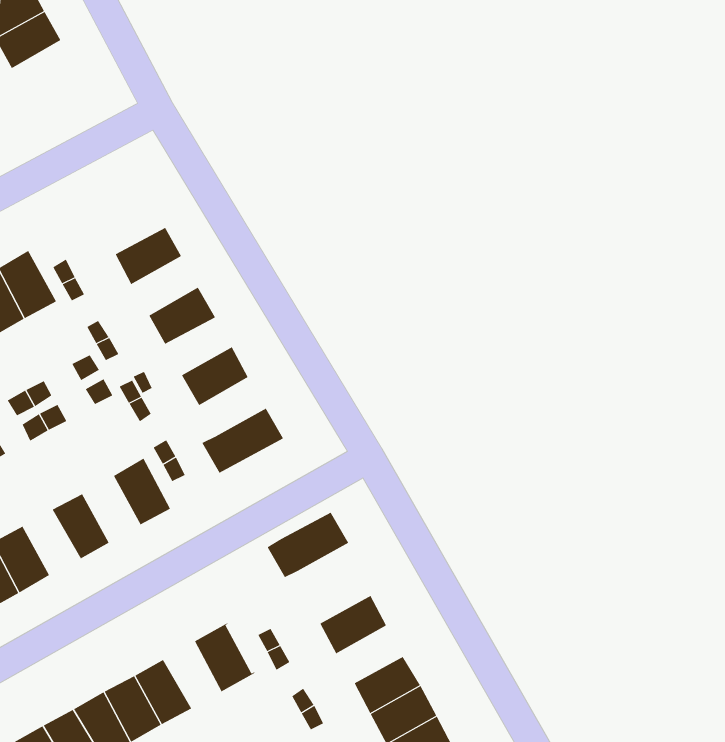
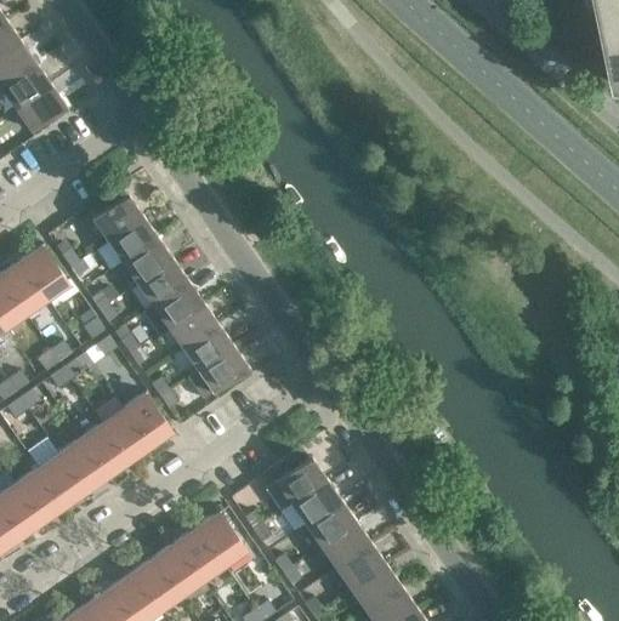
building: none -> [15,85,66,133]
building: none -> [91,195,143,243]
building: none -> [121,239,172,286]
building: none -> [142,283,203,336]
building: none -> [182,325,233,372]
building: none -> [101,410,147,461]
building: none -> [58,440,104,490]
building: [267,512,349,578] -> [265,458,326,512]
building: none -> [305,502,356,548]
building: none -> [175,529,221,580]

